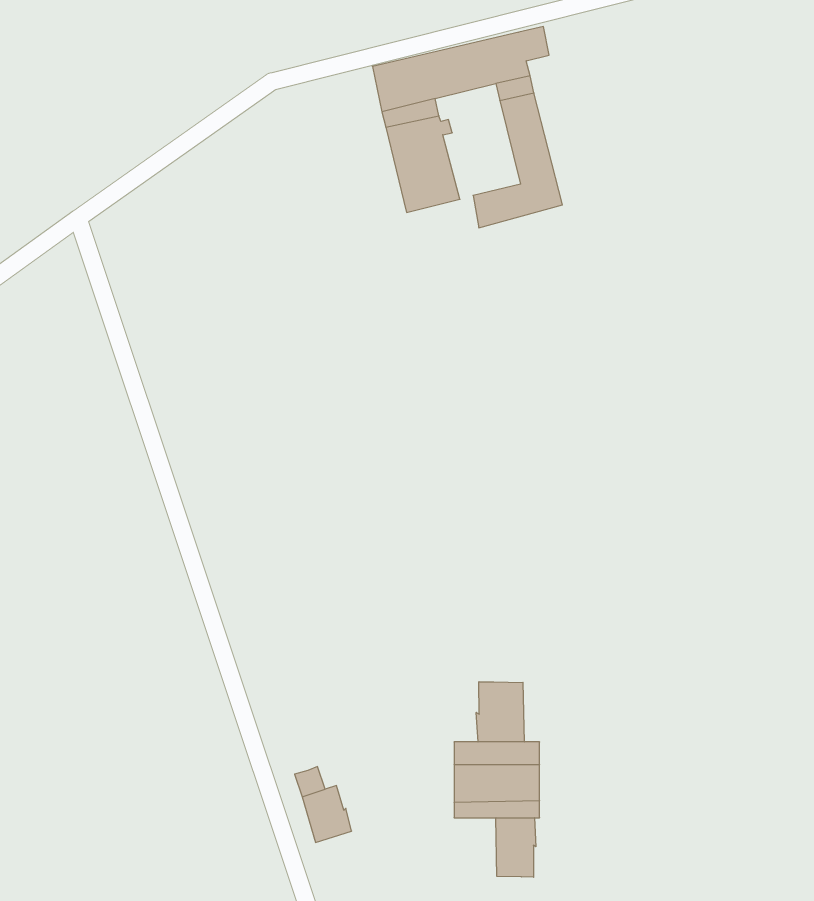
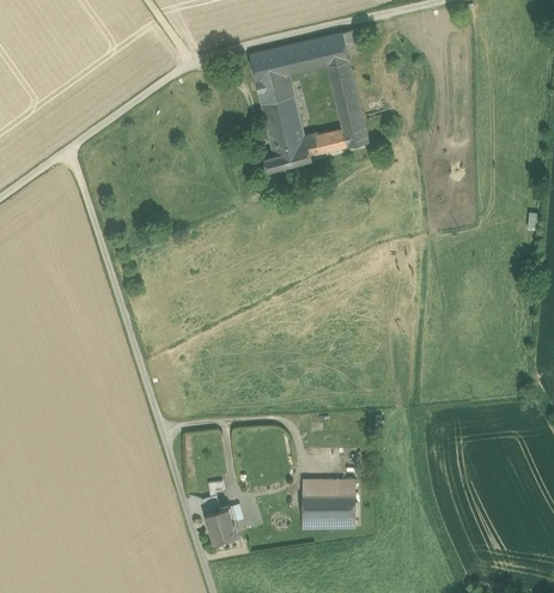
building: none -> [264,135,316,171]
building: [476,682,524,742] -> none
building: [496,818,536,877] -> none

